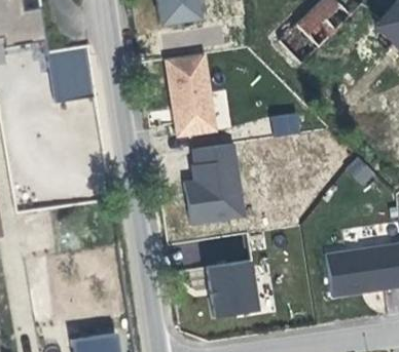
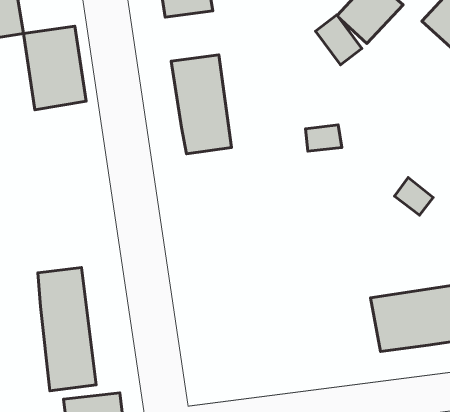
building: [185,143,243,226] -> none
building: none -> [38,268,96,391]
building: [207,262,254,317] -> none

